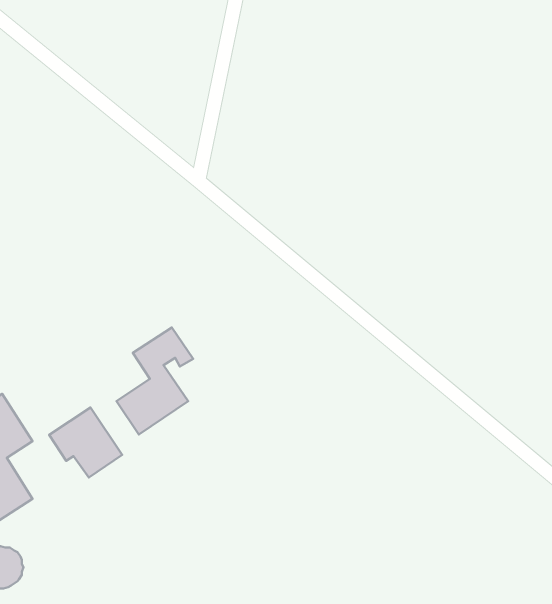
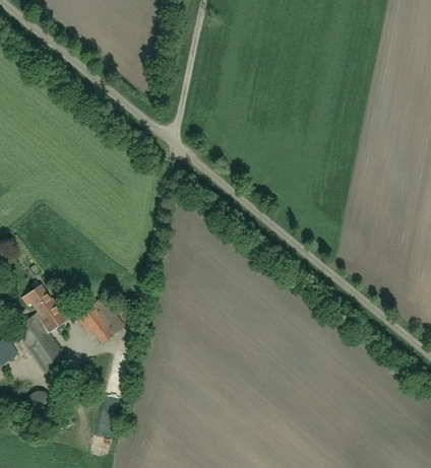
building: [116,327,193,435] -> none

